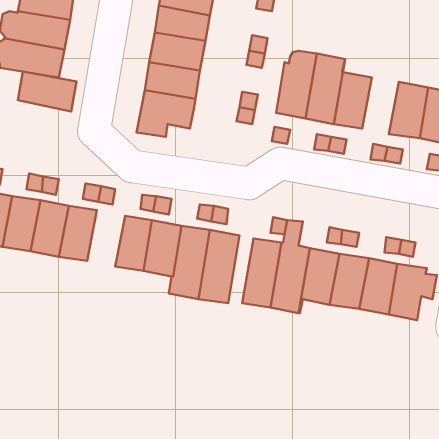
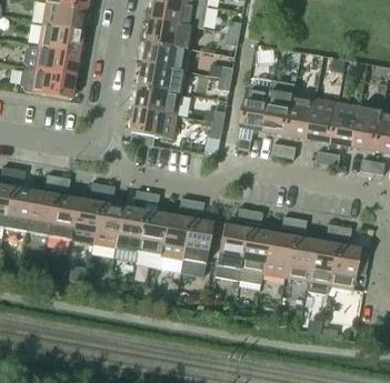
building: [18,72,77,112] -> none
building: none -> [308,98,337,142]
building: none -> [91,202,121,246]

